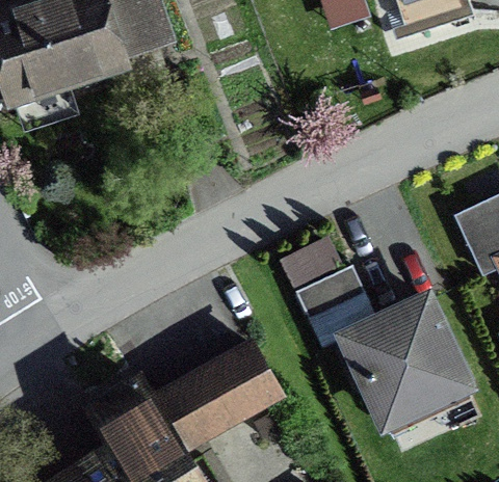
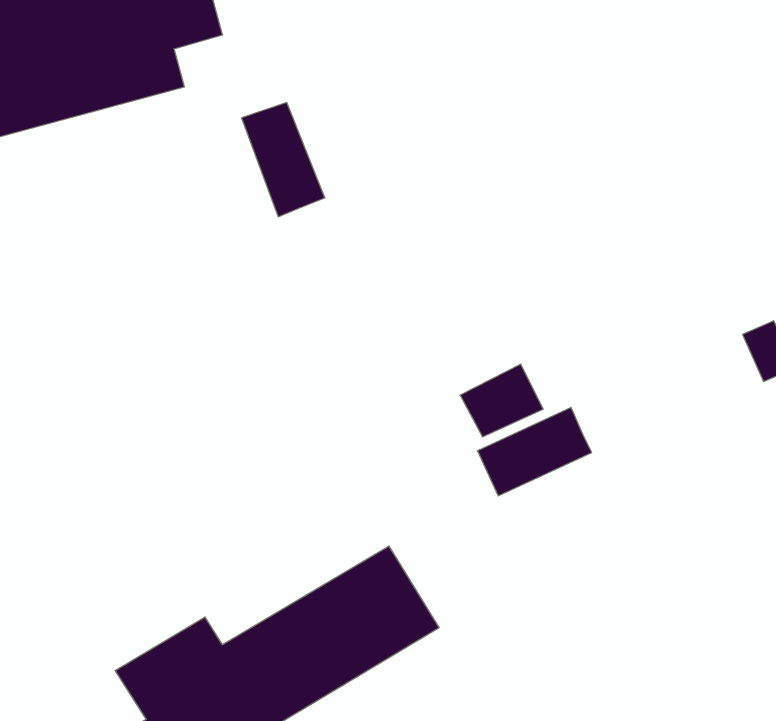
building: [351,299,472,422] -> none

